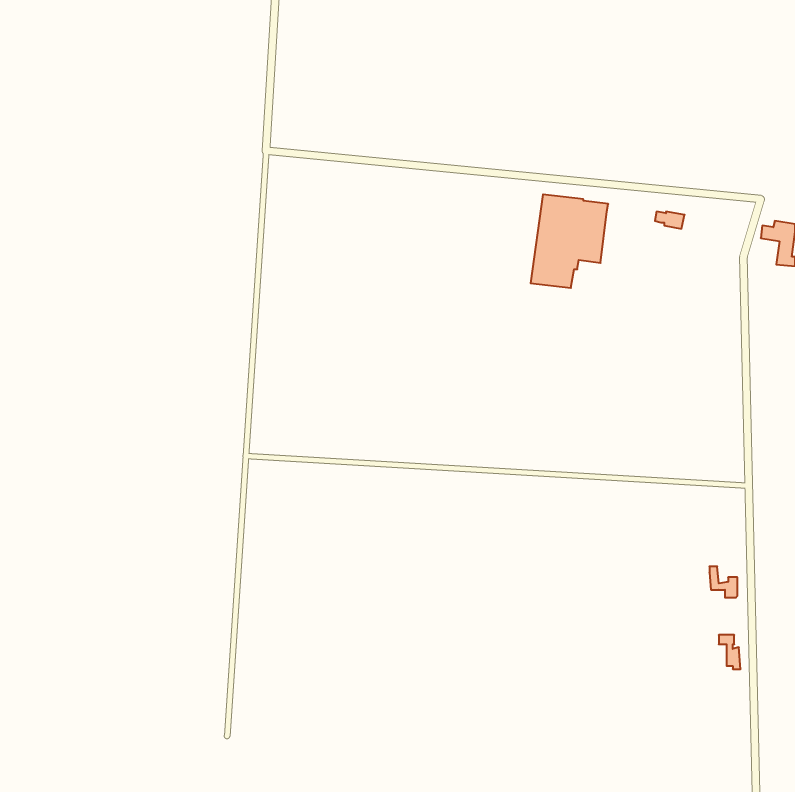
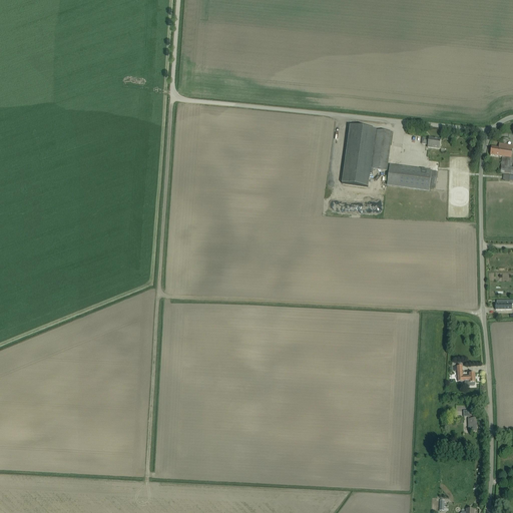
building: none -> [387,163,436,189]

